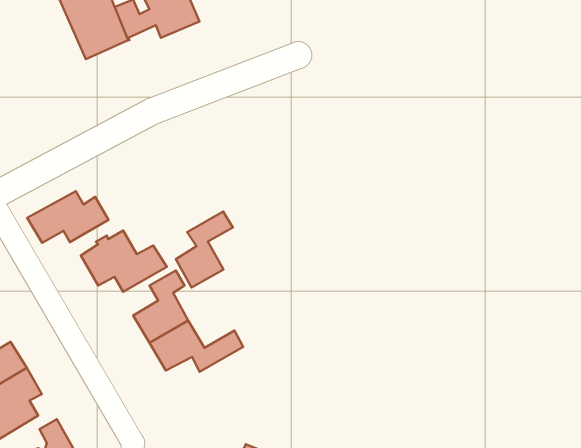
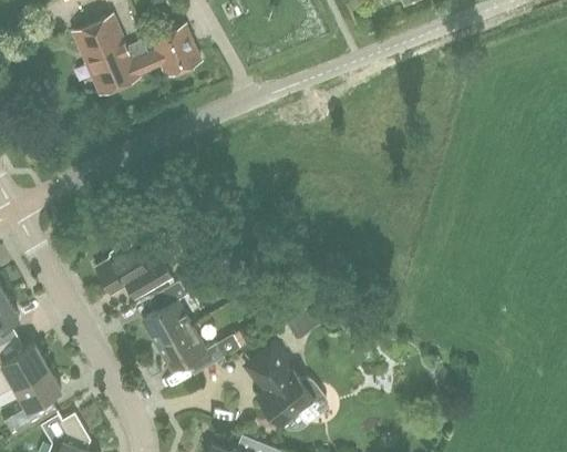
building: [27,191,108,243] -> none
building: [176,212,233,287] -> none
building: none -> [249,343,328,430]

